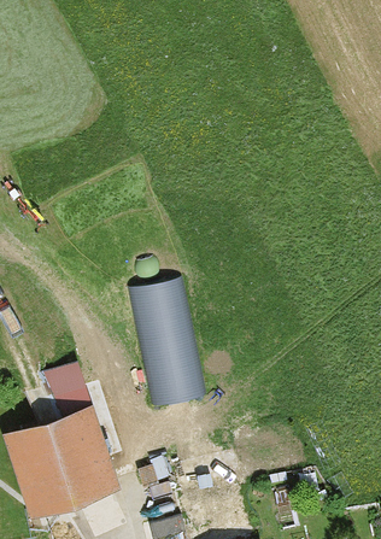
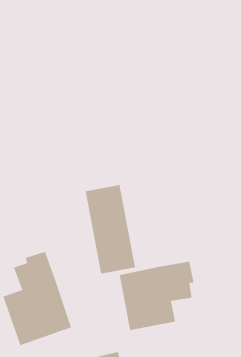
building: none -> [119,261,194,331]

